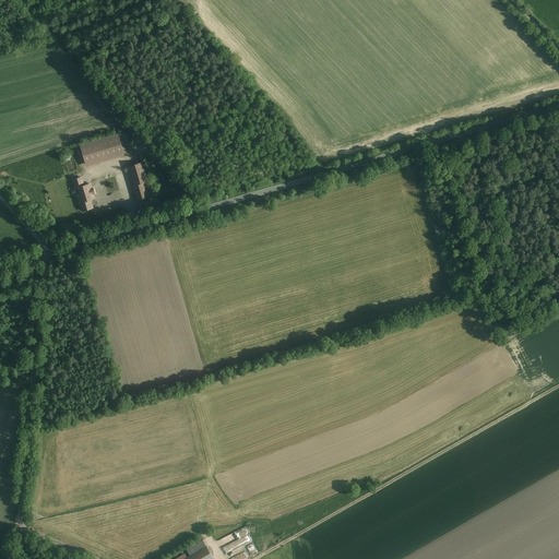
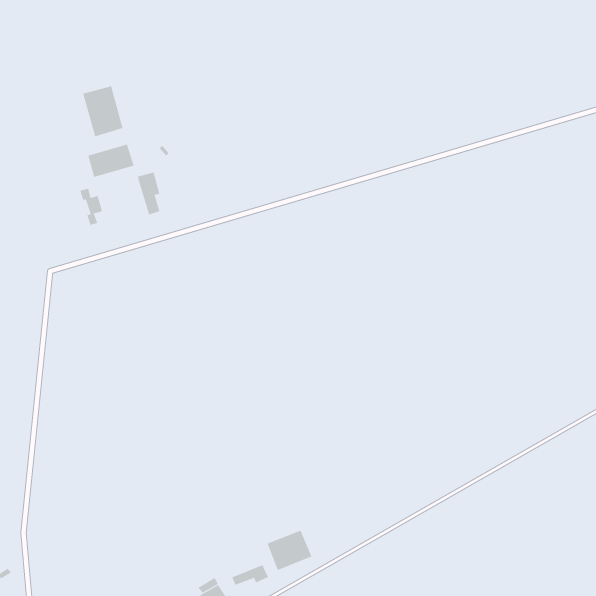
building: none -> [82,85,123,137]
building: none -> [267,530,312,571]

